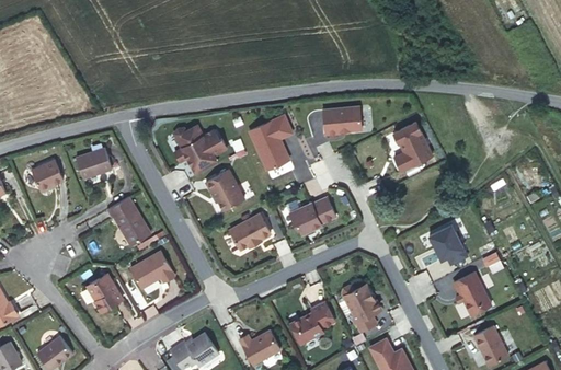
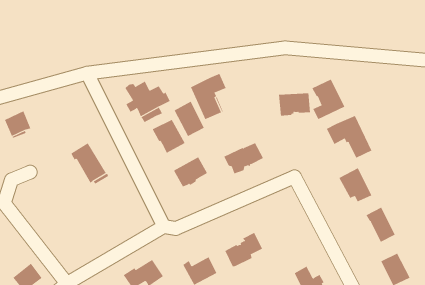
building: [322,106,360,134] -> [278,93,311,116]
building: [75,144,108,173] -> none
building: none -> [174,101,205,137]
building: none -> [326,115,372,159]
building: [131,251,175,288] -> none
building: [87,276,123,314] -> none
building: [342,284,381,331] -> none

